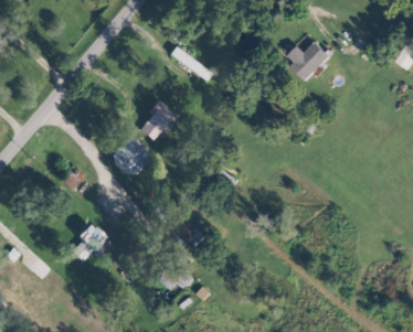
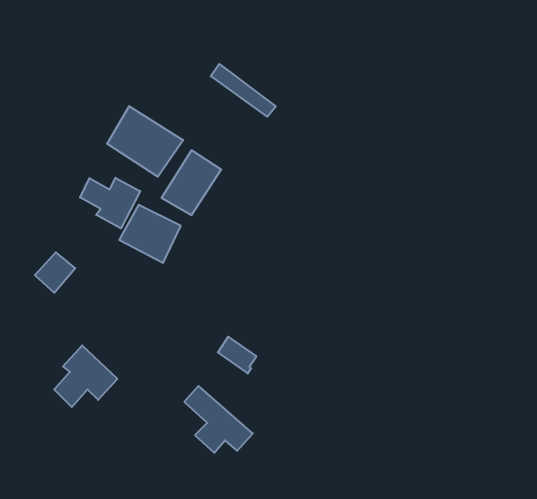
building: [285,43,331,82] -> none
building: none -> [107,106,183,177]
building: none -> [80,178,140,228]

